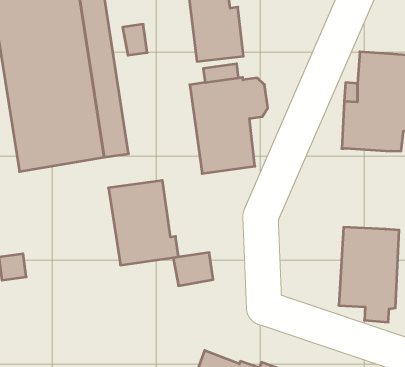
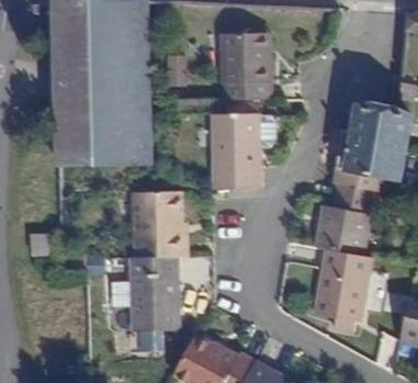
building: none -> [314,184,373,257]
building: none -> [127,256,176,328]

